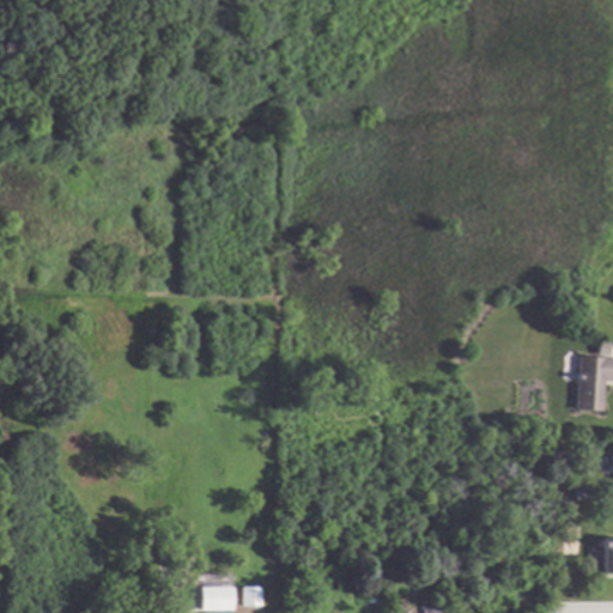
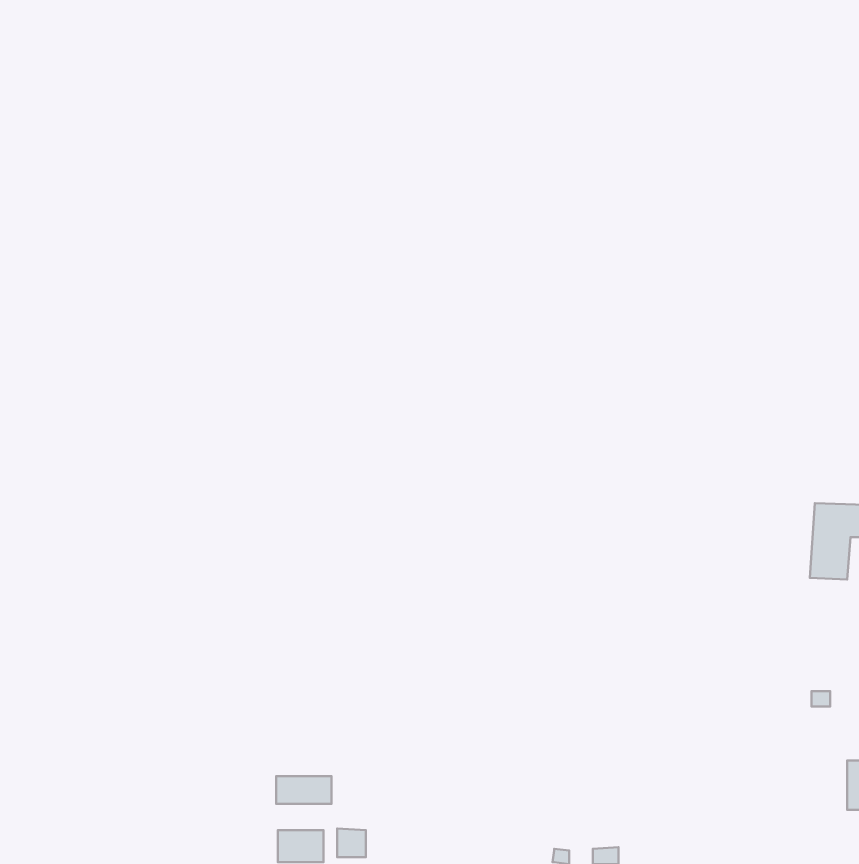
building: none -> [276,776,331,804]

